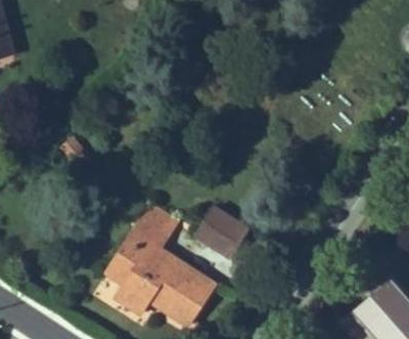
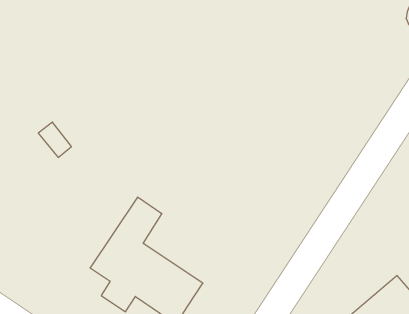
building: [195,207,247,257] -> none

